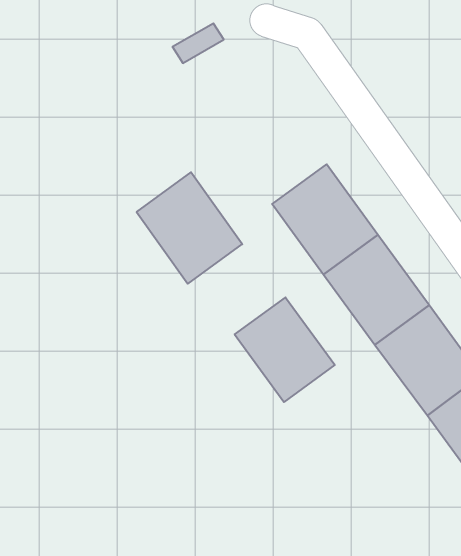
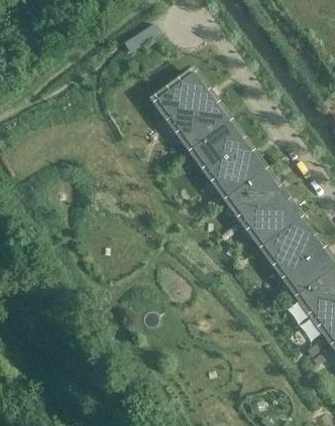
building: [137,172,242,284] -> [155,72,228,148]
building: [235,297,335,402] -> none

